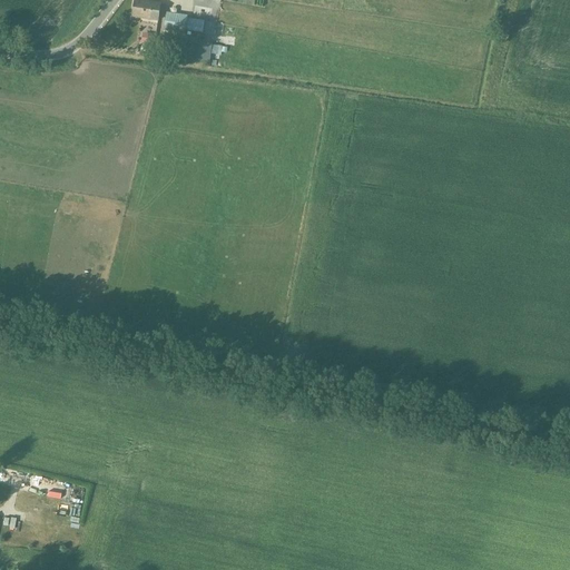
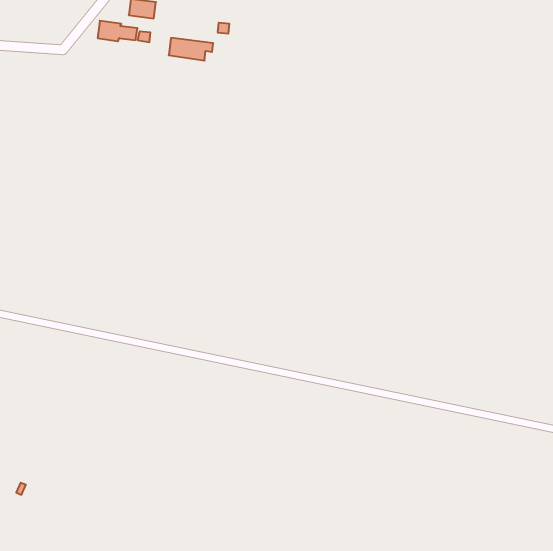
building: [164,11,205,32] -> [98,21,138,41]

